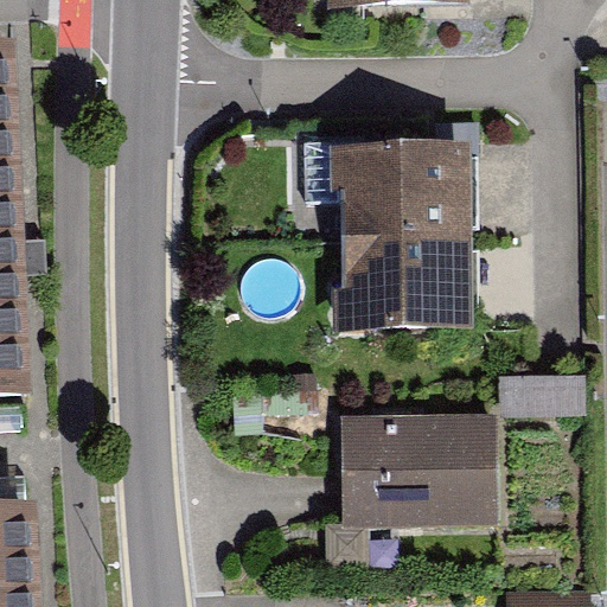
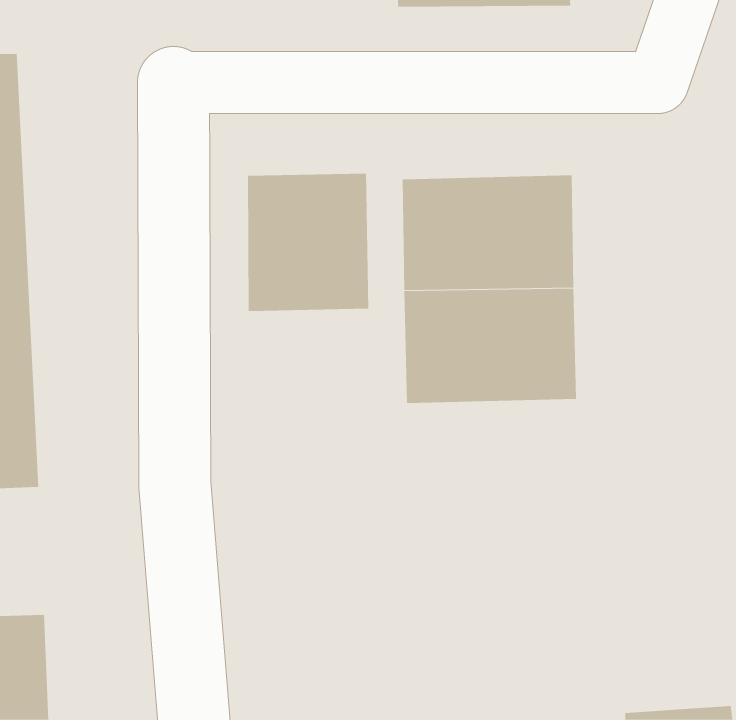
building: none -> [247,173,369,312]
building: [340,408,498,522] -> none

